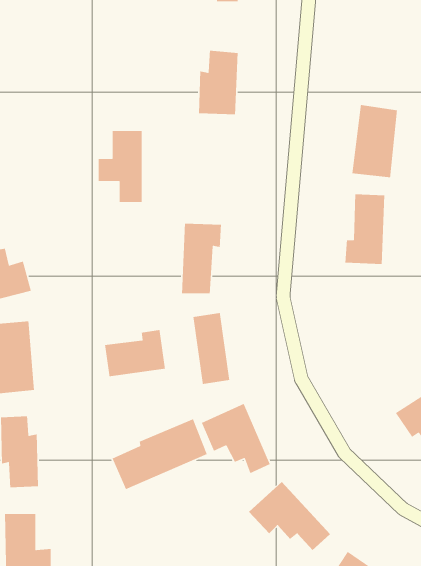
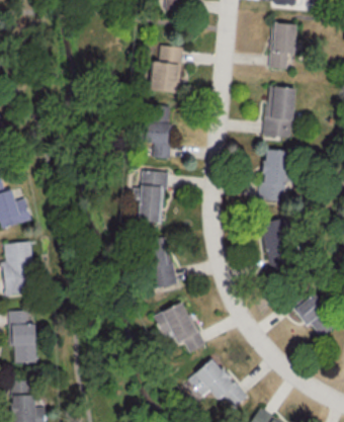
building: none -> [270,23,295,69]
building: [98,130,142,203] -> [137,105,169,158]
building: none -> [261,219,290,266]
building: [104,329,166,377] -> none
building: [112,418,208,490] -> none

